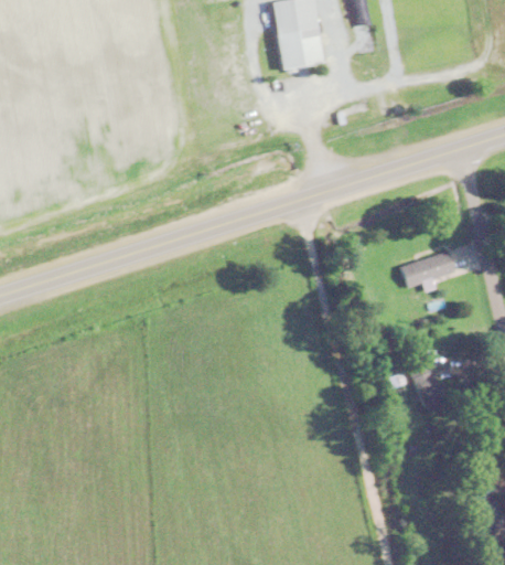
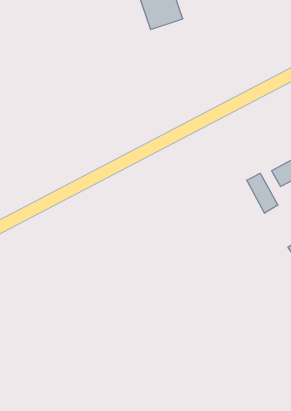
building: none -> [247,173,278,213]

